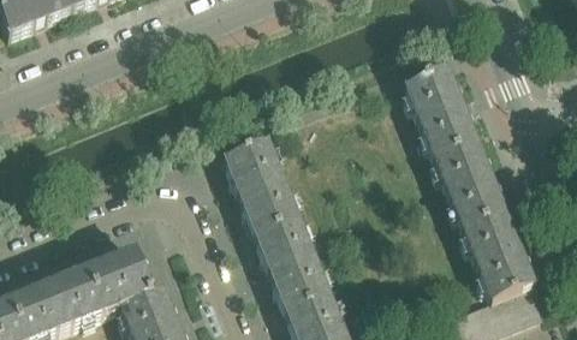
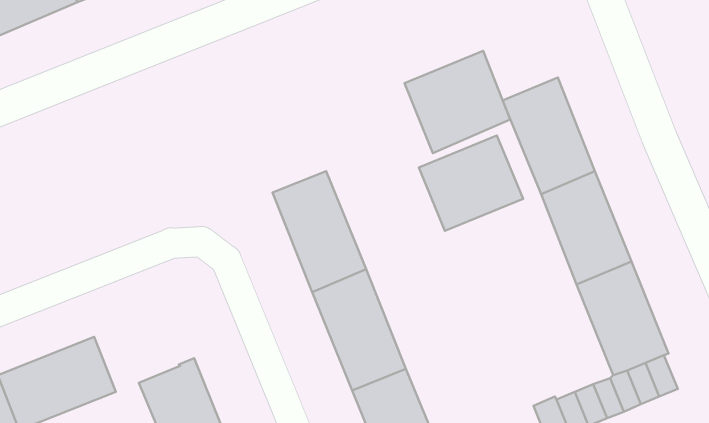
building: none -> [405,51,510,153]
building: none -> [419,136,523,231]
building: [83,245,150,309] -> none

